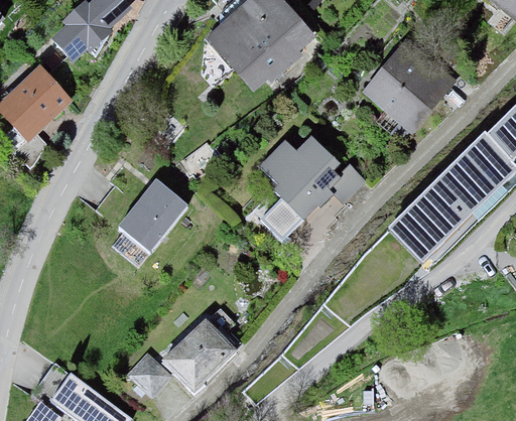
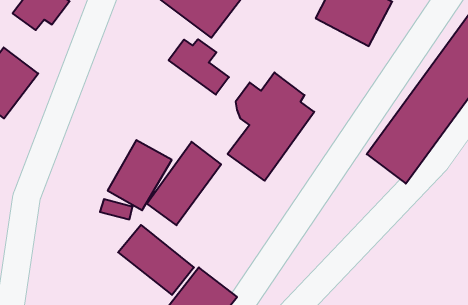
building: none -> [169,39,229,95]
building: none -> [147,142,221,225]
building: none -> [118,225,194,295]

